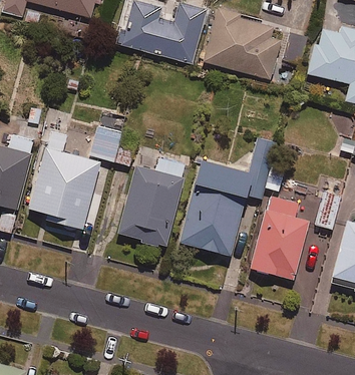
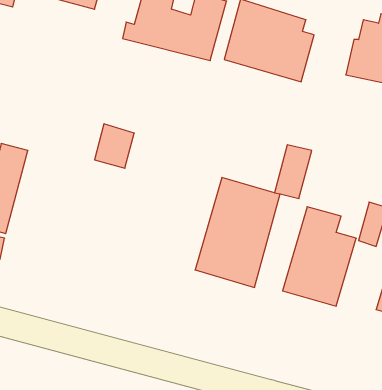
building: [28,132,101,231] -> none
building: [124,148,193,240] -> none

